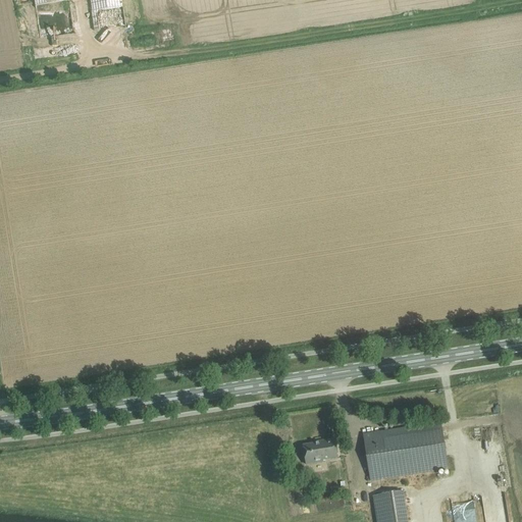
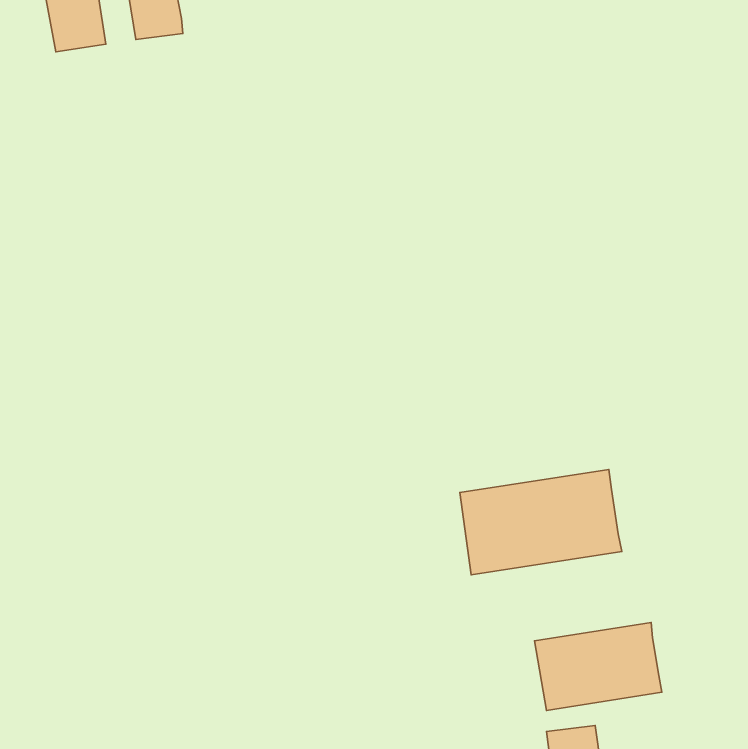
building: none -> [460,470,622,575]
building: [302,437,336,463] -> none

